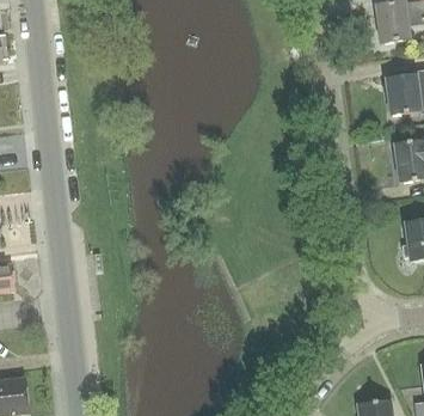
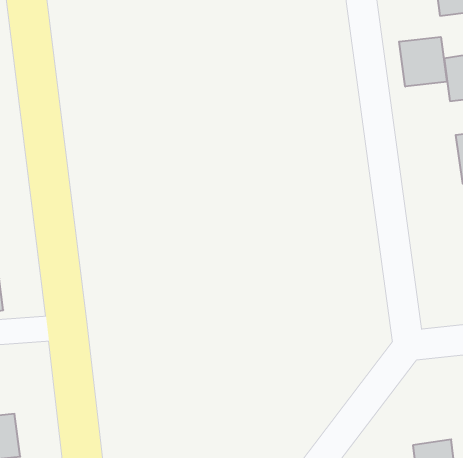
building: none -> [399,37,447,87]

